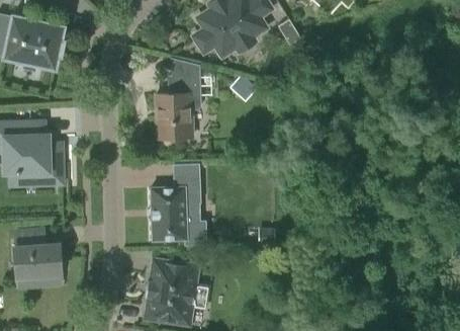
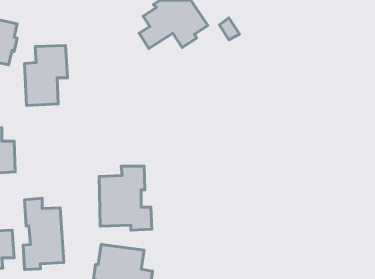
building: [156,76,201,140] -> [25,45,68,106]
building: none -> [23,198,64,269]

